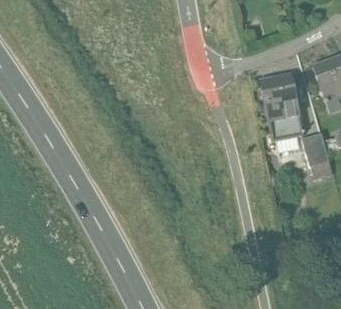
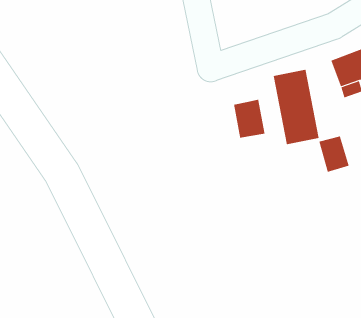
building: none -> [233,99,265,139]

